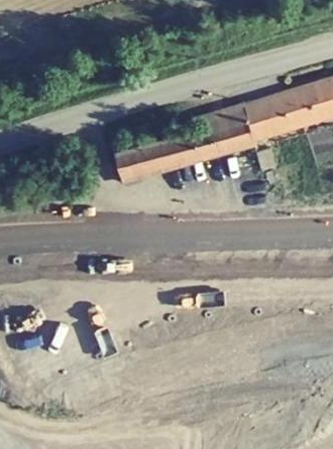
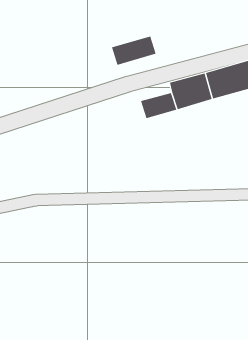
building: [125,134,181,170] -> [111,36,156,65]

